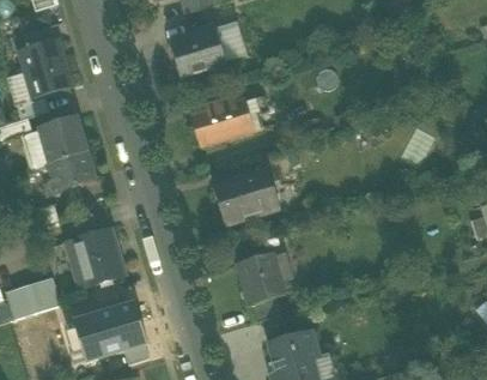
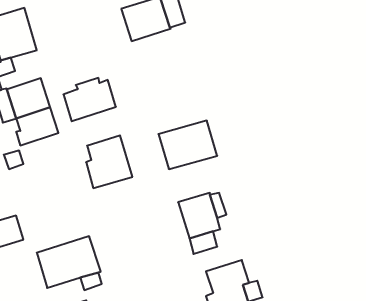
building: [193,95,254,145] -> [63,78,116,121]
building: [71,227,124,288] -> [86,135,132,188]

